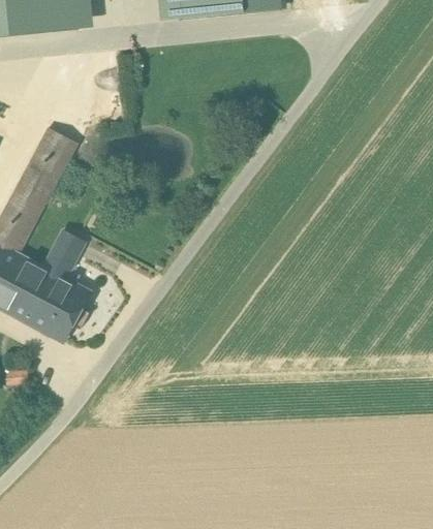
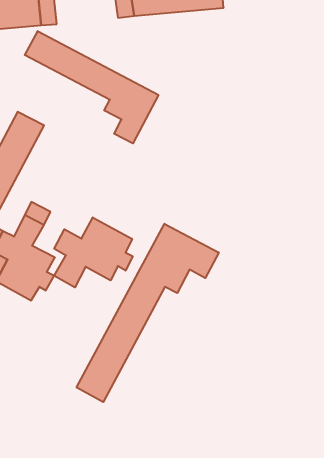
building: none -> [25,31,158,143]
building: none -> [54,217,133,287]
building: none -> [77,224,219,402]

